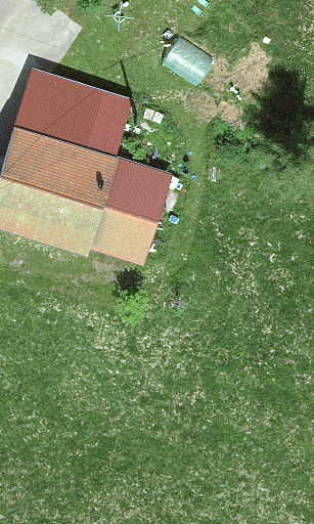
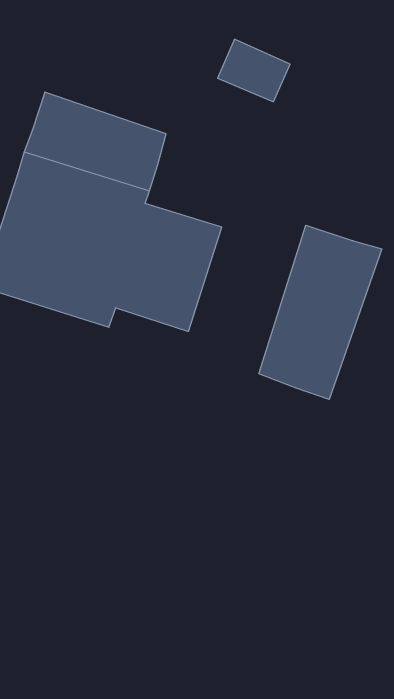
building: none -> [259,225,382,399]

